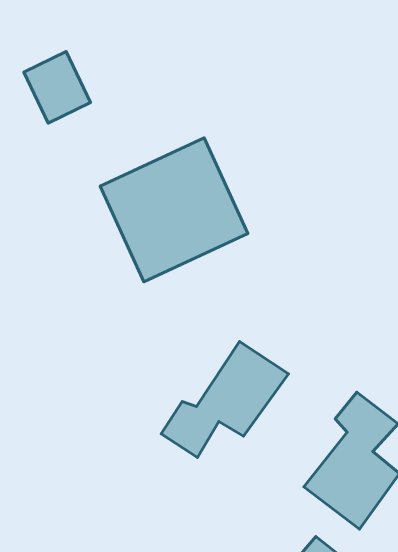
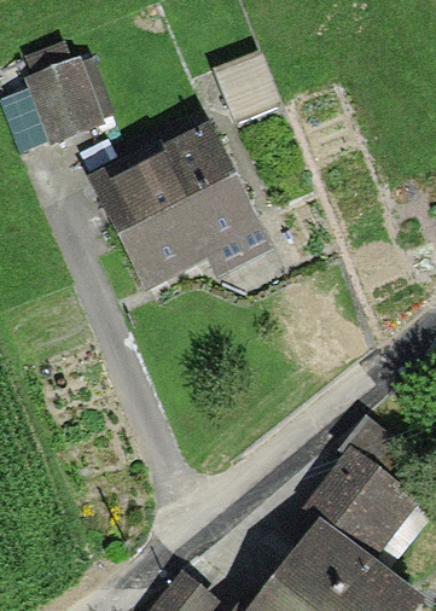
building: [161,341,288,458] -> none

